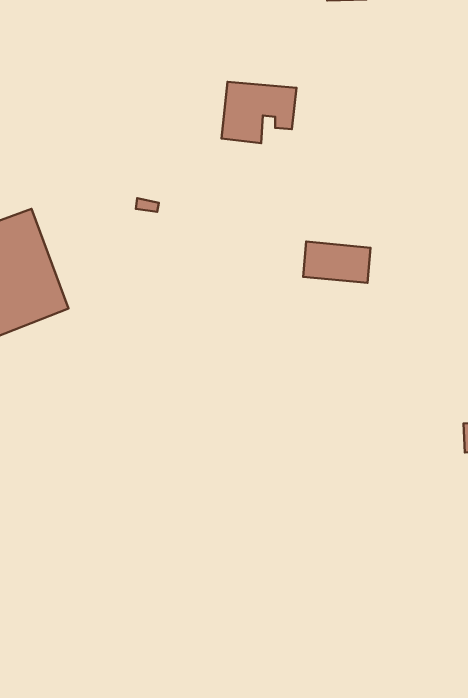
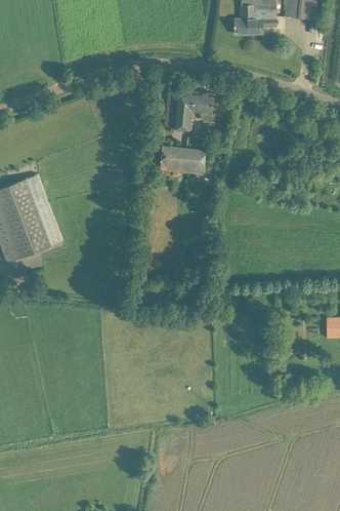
building: [303,242,371,283] -> [160,146,205,173]

